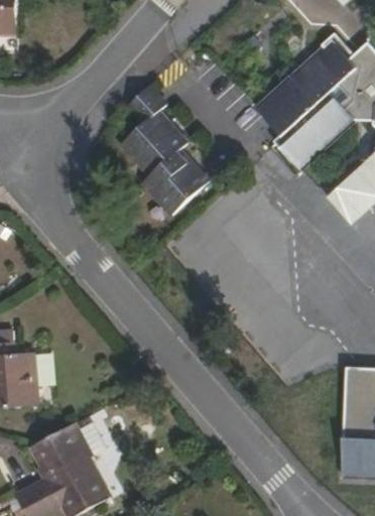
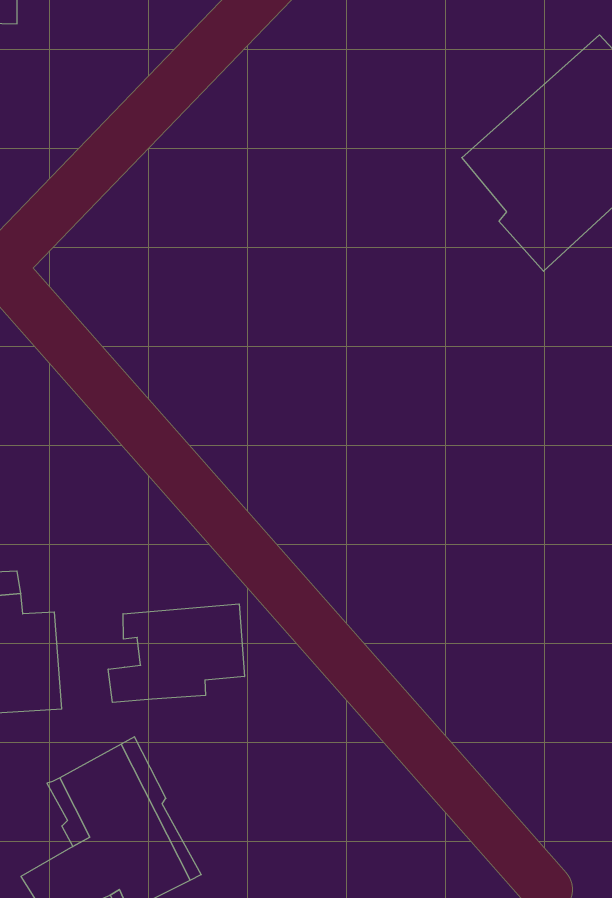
building: [121,85,208,214] -> none
building: none -> [108,604,244,702]

